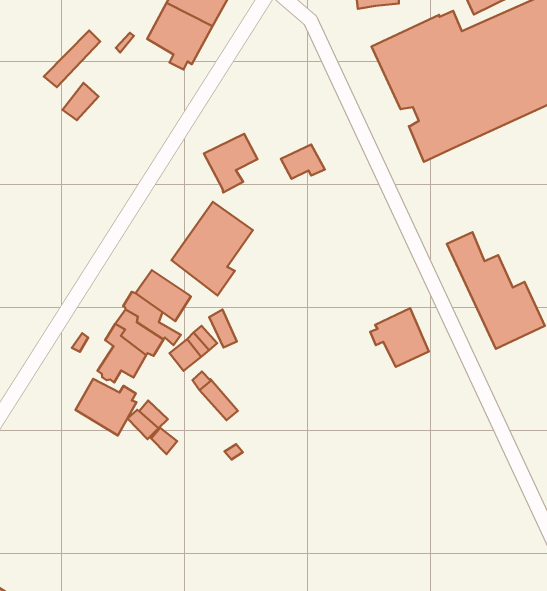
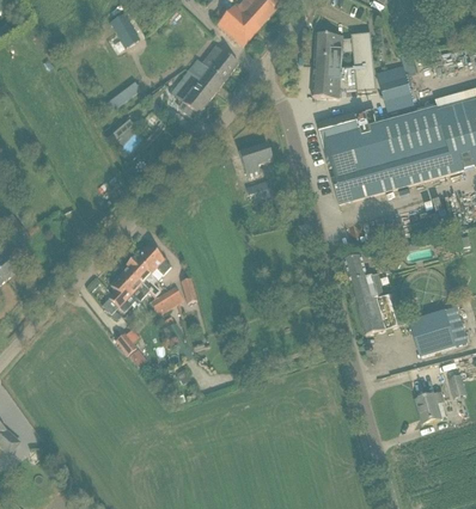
building: [204,134,258,192] -> [237,141,271,177]
building: [172,202,253,295] -> none
building: [370,308,429,367] -> none
building: [76,379,136,435] -> none

